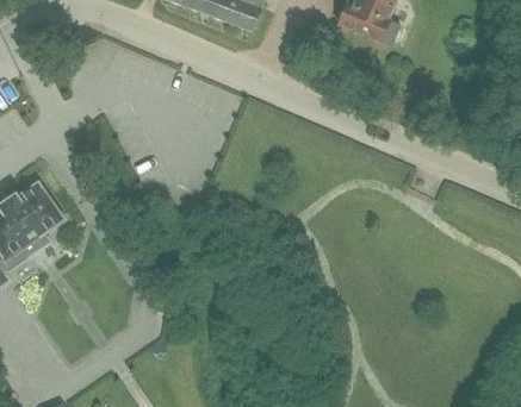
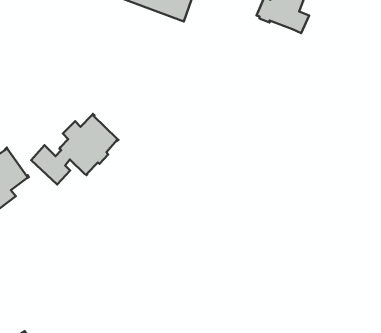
building: none -> [31,114,119,184]

